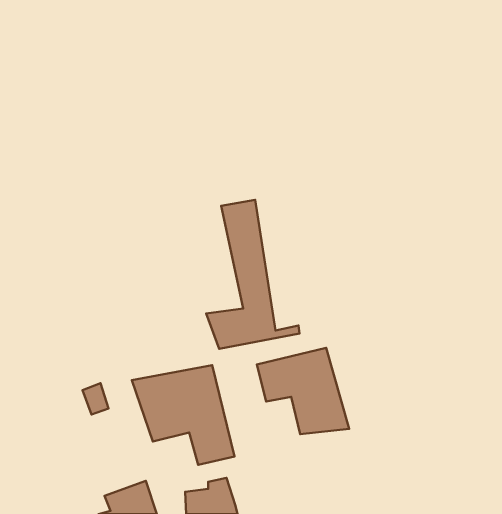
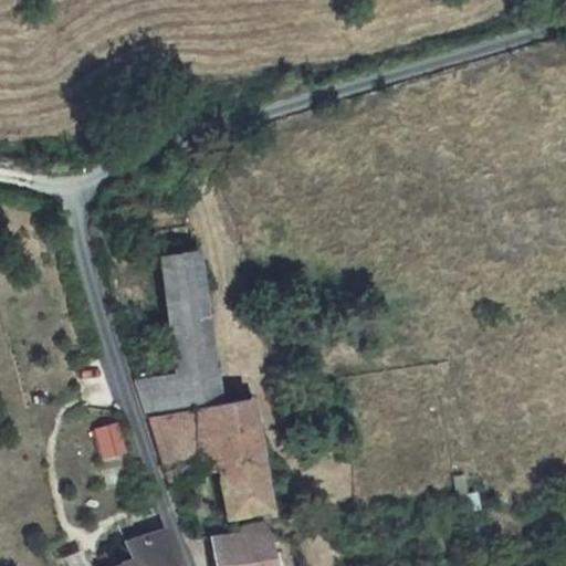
building: [206,200,300,349] -> [144,254,247,418]
building: [257,348,349,434] -> none

